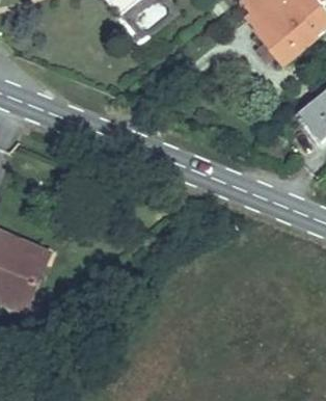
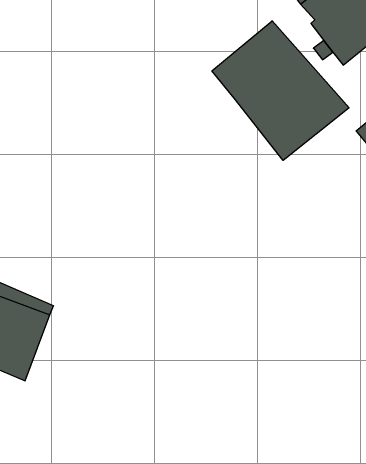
building: none -> [212,21,349,160]

